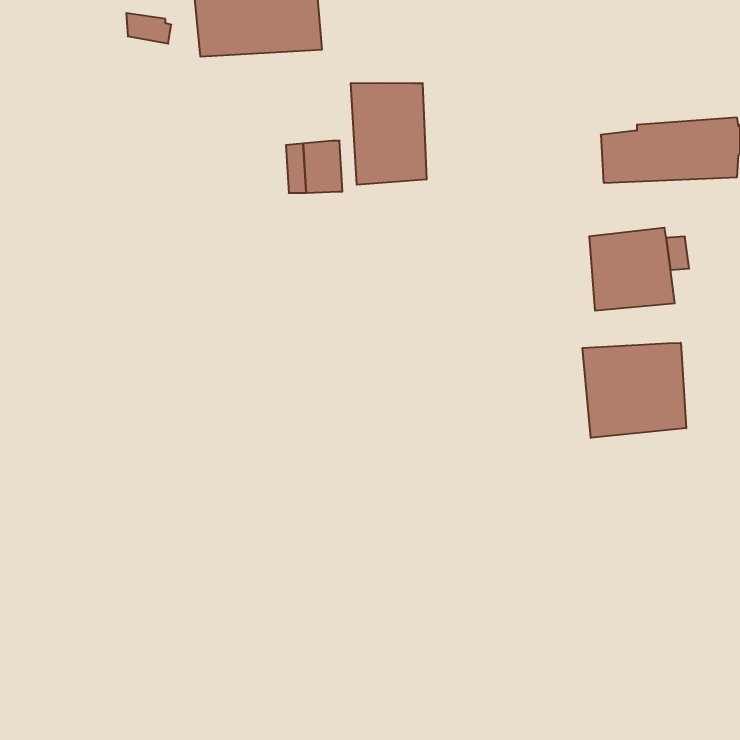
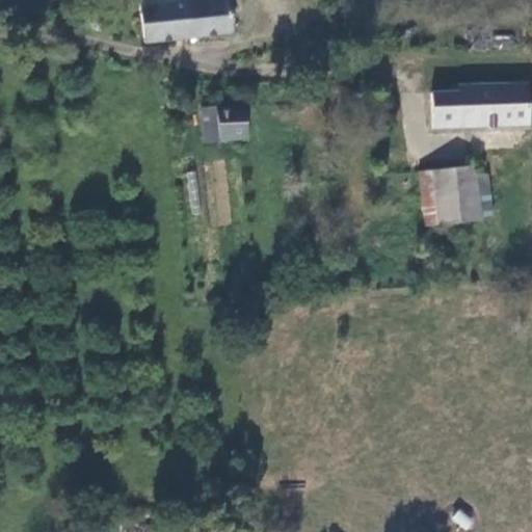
building: [351,83,426,185] -> none
building: [583,343,686,438] -> none

